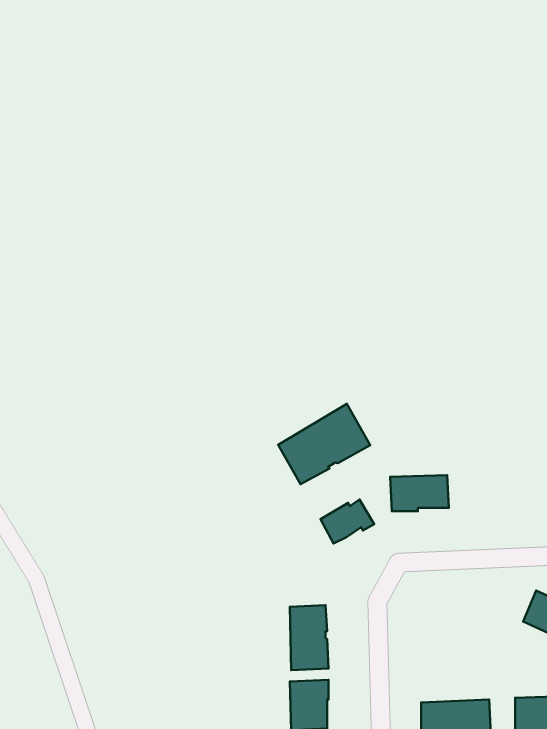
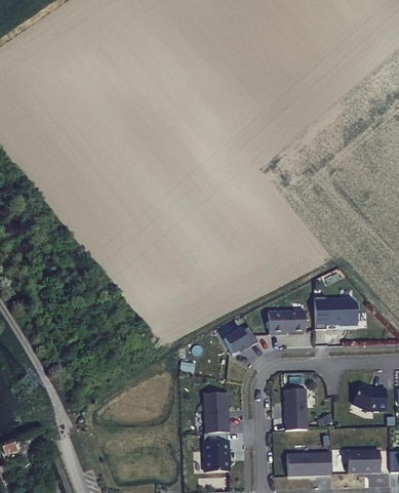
building: [278,404,370,484] -> none
building: none -> [314,296,357,329]
building: none -> [284,388,308,429]

